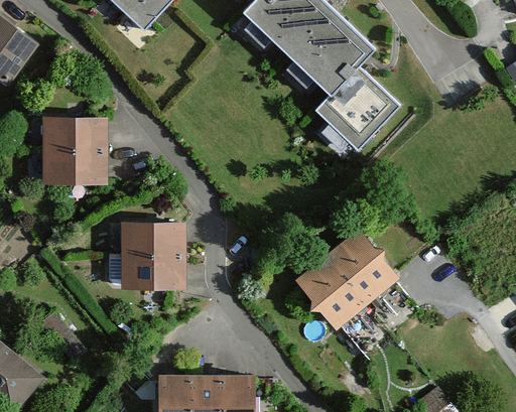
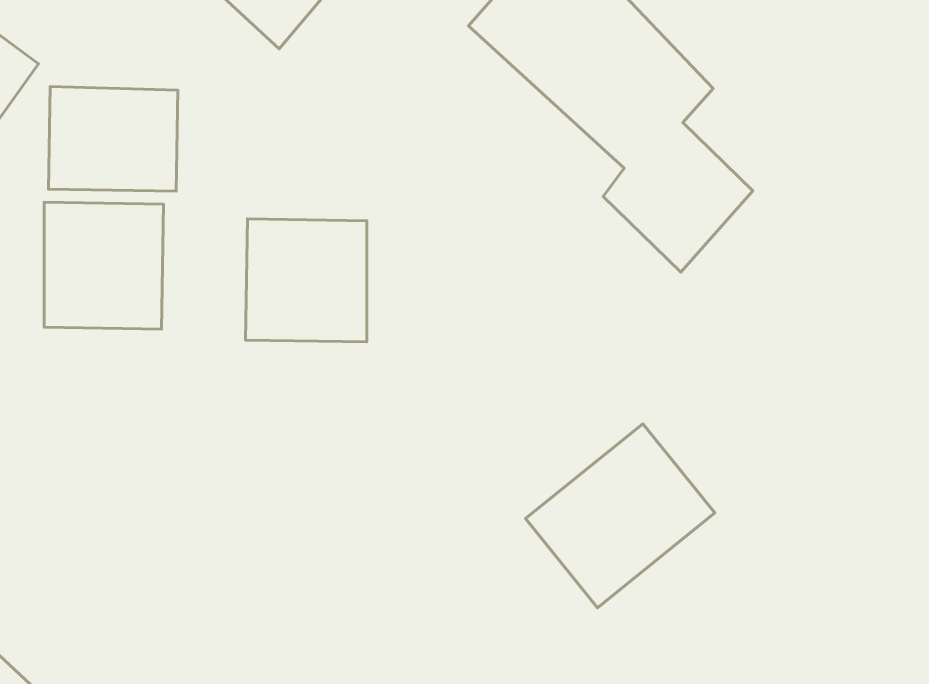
building: none -> [49,87,178,191]
building: [114,222,178,287] -> [246,219,367,342]

